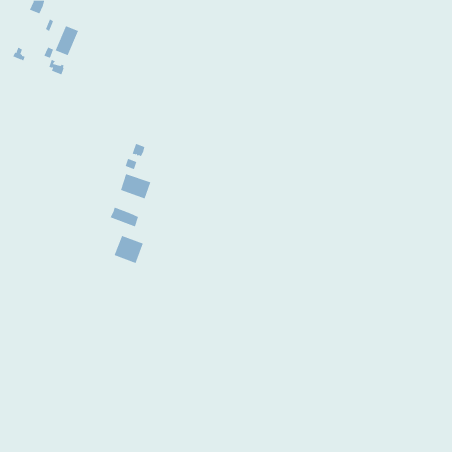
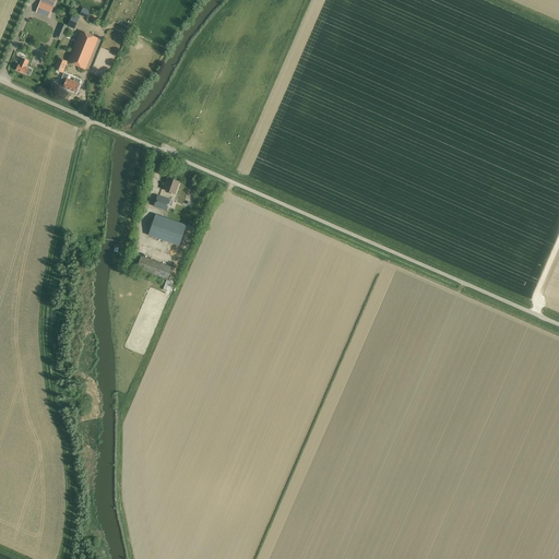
building: [114,235,144,264] -> none

